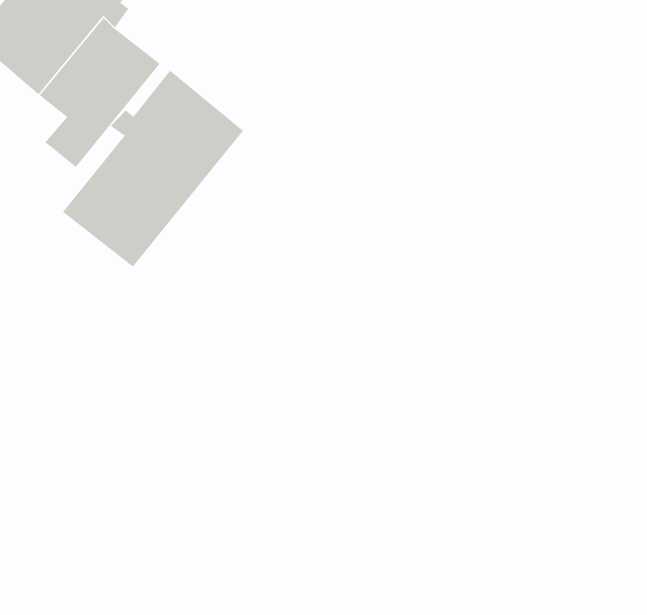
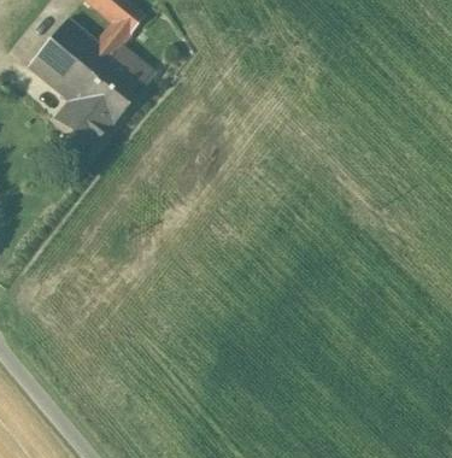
building: [62,70,244,267] -> none

